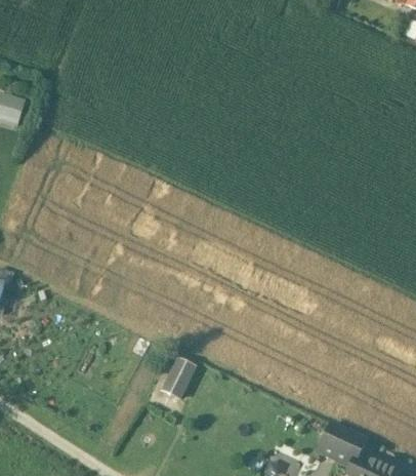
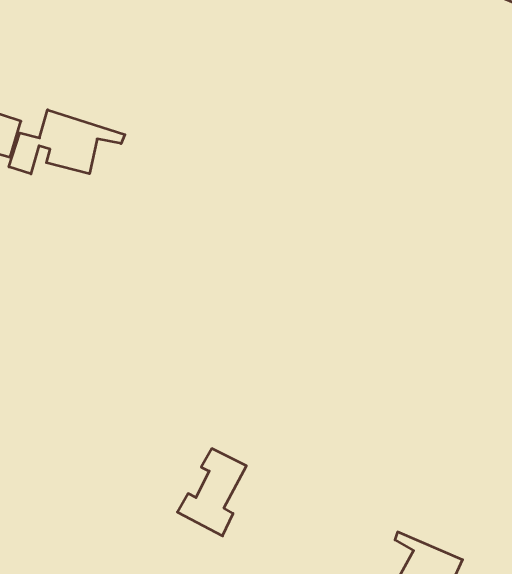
building: none -> [9,110,125,174]

